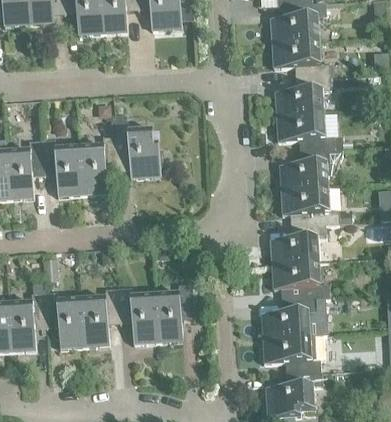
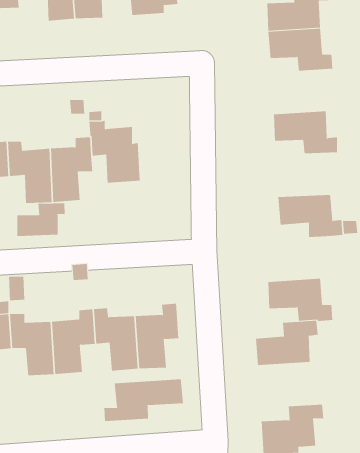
building: [275,76,331,116] -> none
building: [280,149,342,189] -> none
building: none -> [17,203,65,237]
building: [270,224,326,264] -> none
building: [263,334,325,374] -> none
building: none -> [104,379,184,422]

